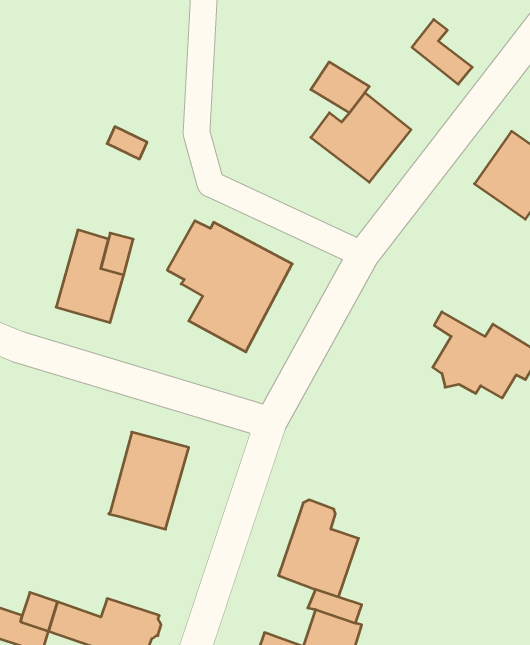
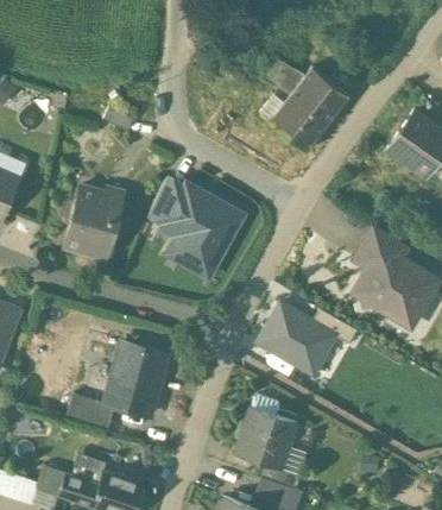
building: [412,19,472,84] -> [302,58,348,108]
building: none -> [361,226,408,267]
building: none -> [255,298,341,374]
building: none -> [65,393,114,430]

